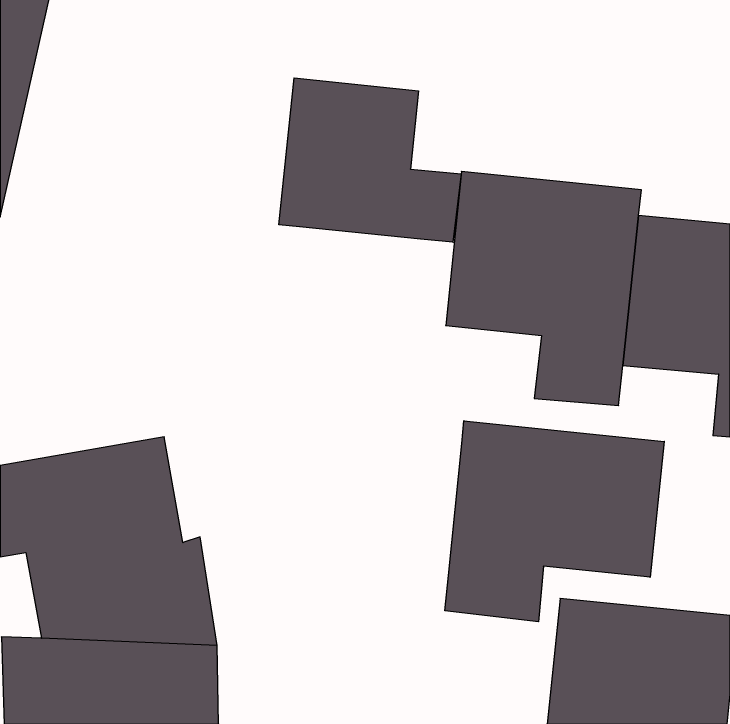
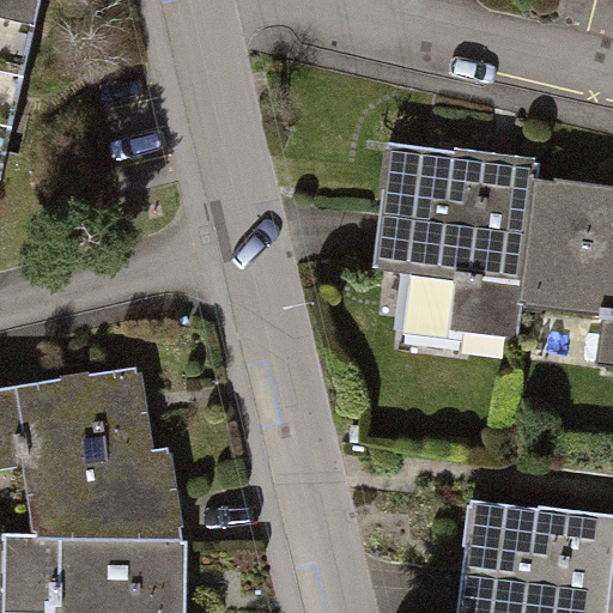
building: [279,78,461,242] -> none
building: [445,421,664,622] -> none

